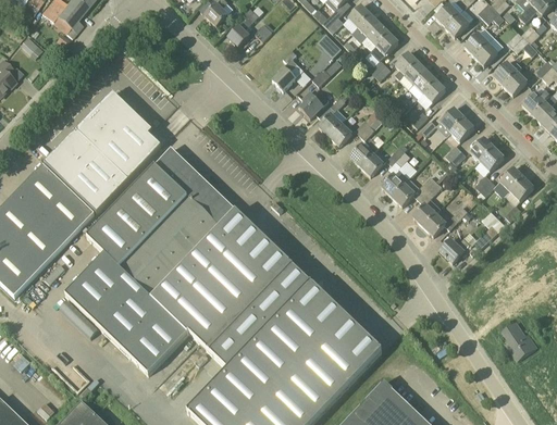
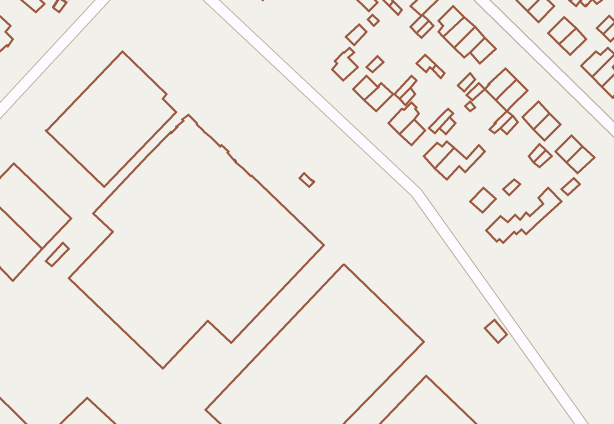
building: [272,58,304,90] -> none
building: [16,163,95,240] -> none
building: [413,180,442,225] -> none
building: [210,264,310,368] -> none
building: [503,322,536,359] -> none

